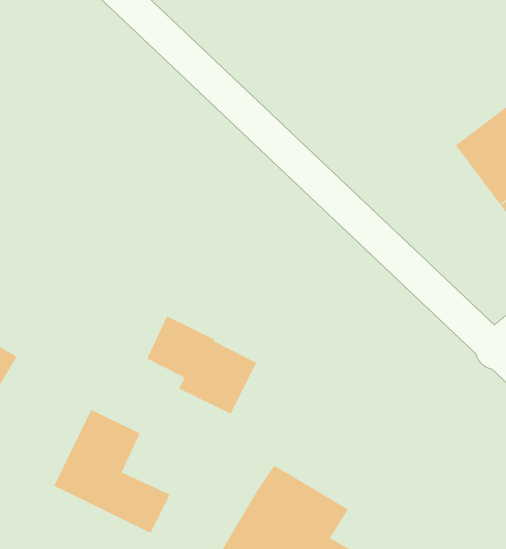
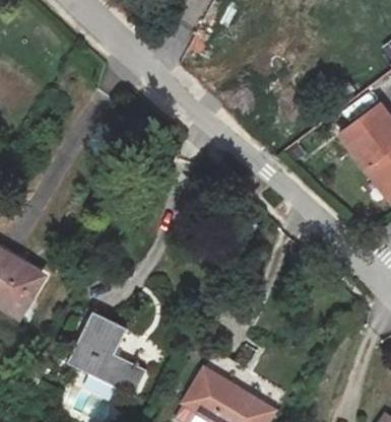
building: [147,315,257,414] -> none

